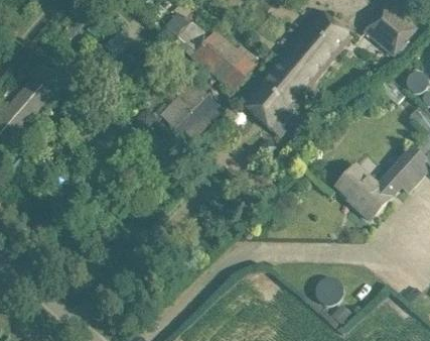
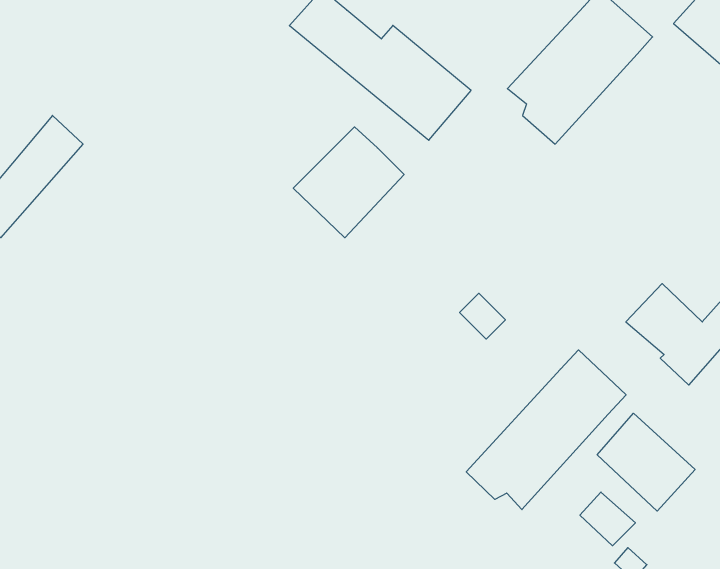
building: [241,64,300,137] -> none
building: none -> [466,350,626,510]
building: none -> [597,413,695,511]

